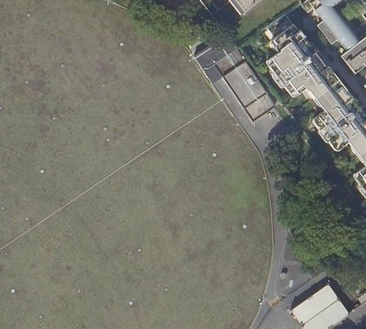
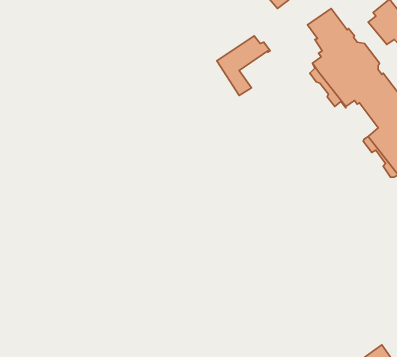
building: [213,48,276,122] -> none

